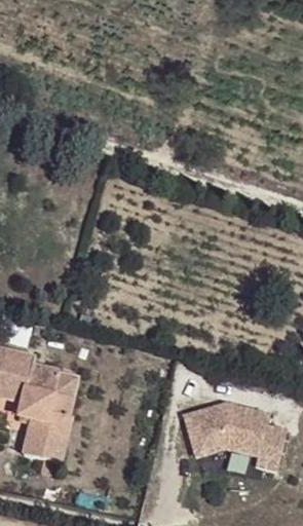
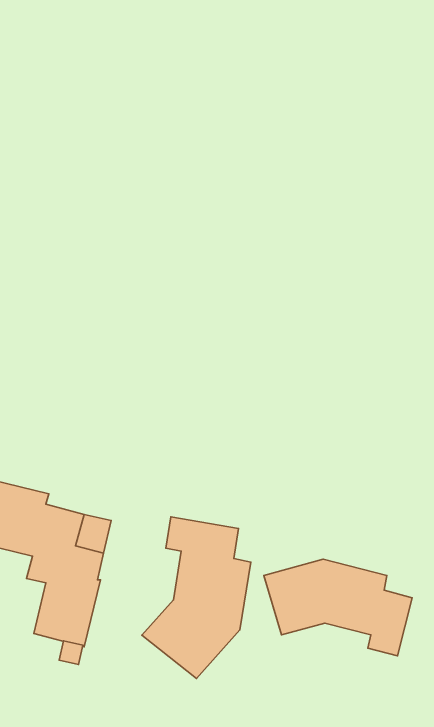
building: none -> [142,517,251,679]

